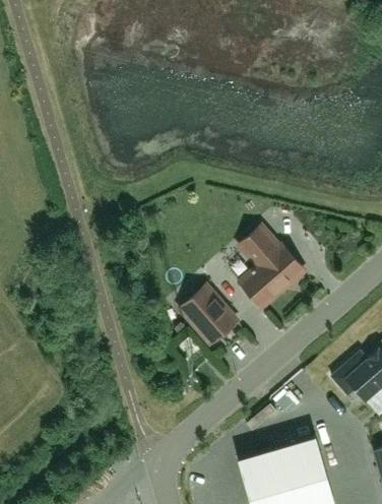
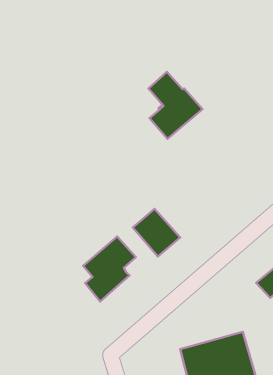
building: [239,227,305,309] -> [149,72,202,139]
building: none -> [83,236,136,301]

